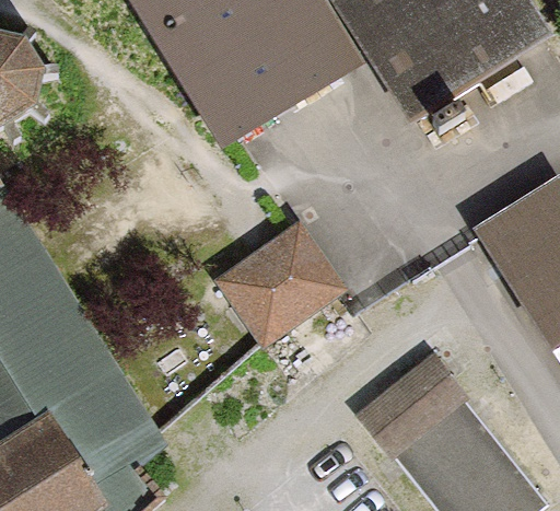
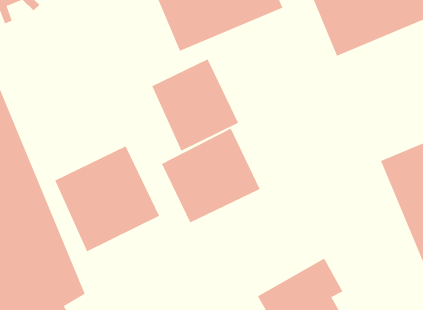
building: none -> [151,59,239,152]
building: none -> [55,145,160,252]

